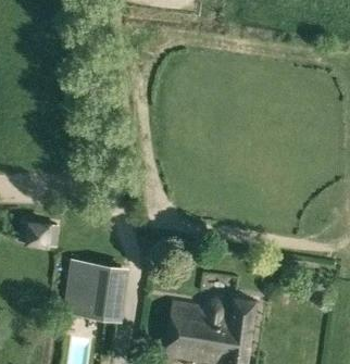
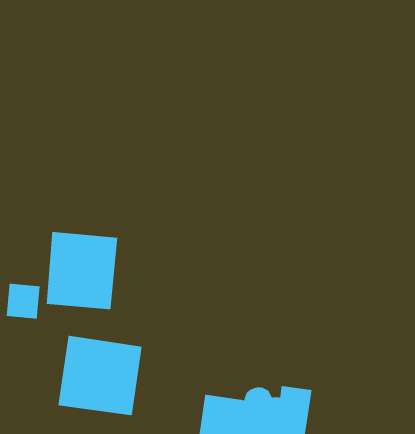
building: none -> [46,231,118,310]

